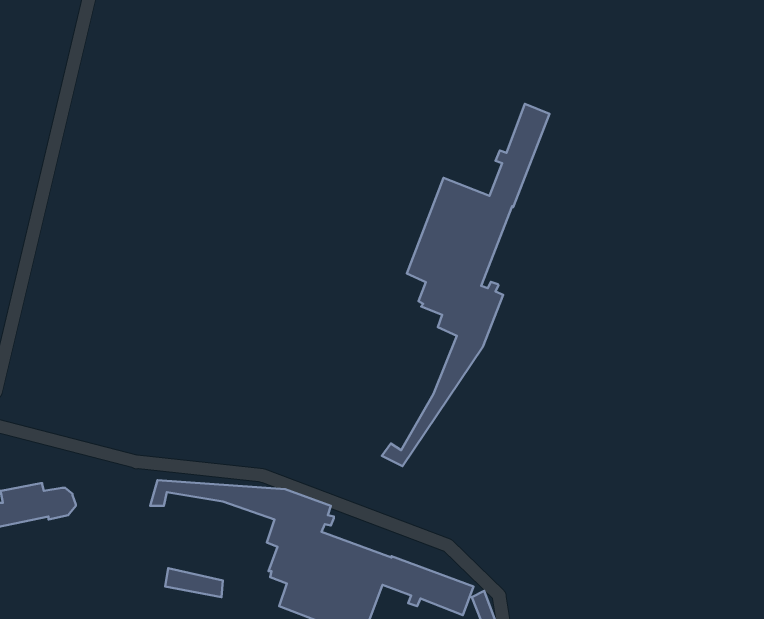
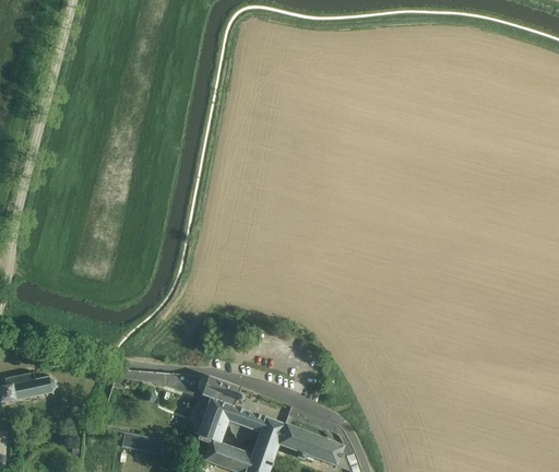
building: [382,104,550,466] -> none

